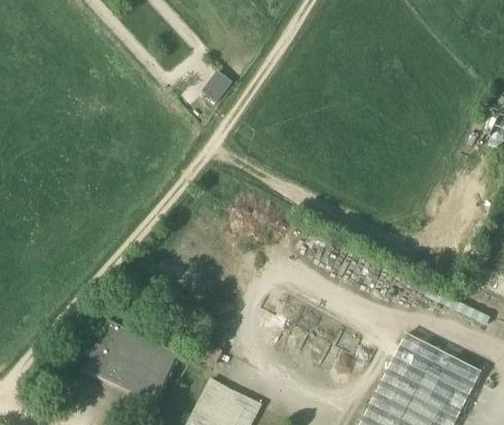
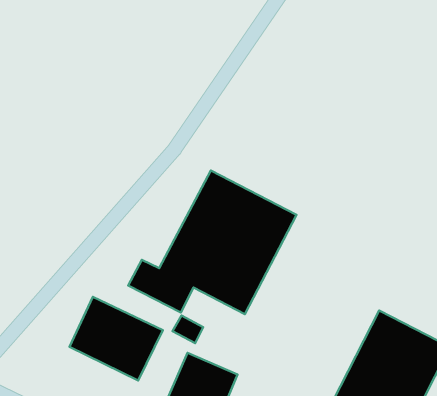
building: [199,68,230,101] -> none
building: none -> [128,170,297,314]

